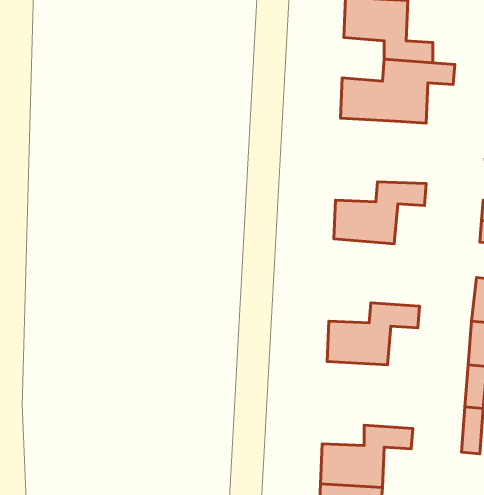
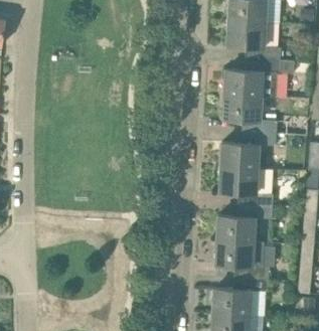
building: none -> [222,94,276,133]
building: none -> [218,166,273,206]
building: none -> [215,239,269,280]

